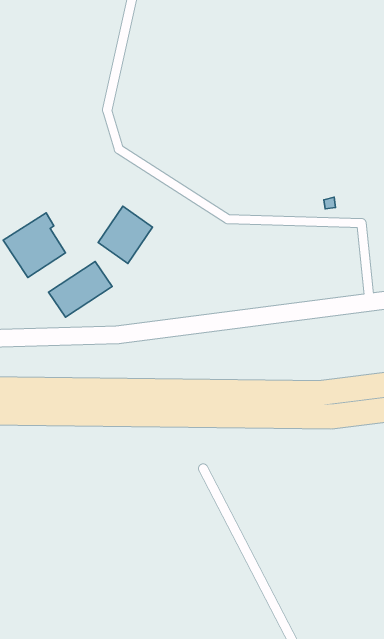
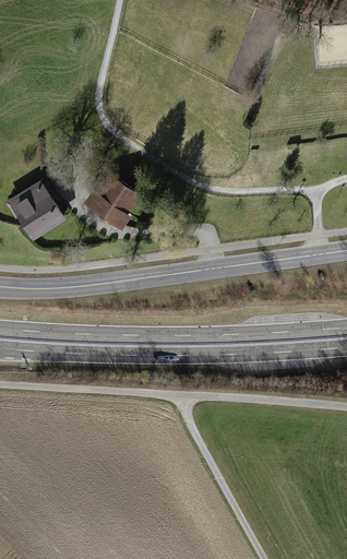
building: [48,261,112,317] -> none

